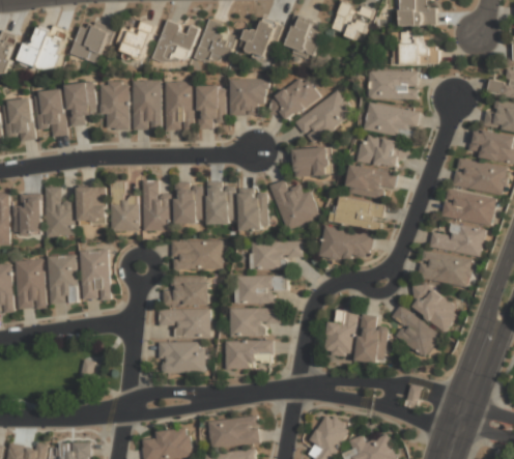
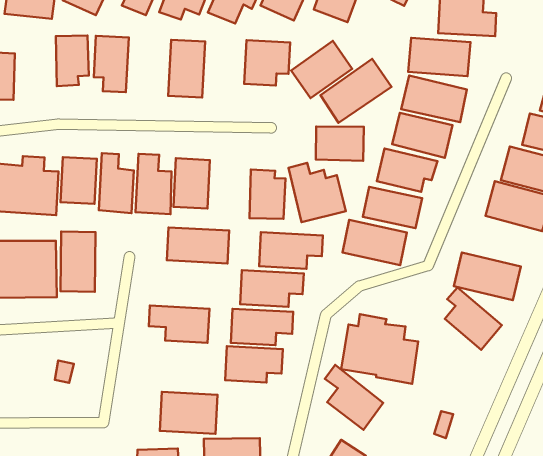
building: [132,81,161,130] -> none
building: [196,86,224,130] -> none
building: [33,89,66,136] -> none
building: [205,181,234,224] -> none
building: [428,223,484,257] -> none
building: [162,277,208,305] -> none
building: [390,305,440,358] -> [325,365,383,430]
building: [156,341,204,374] -> [160,392,218,434]

